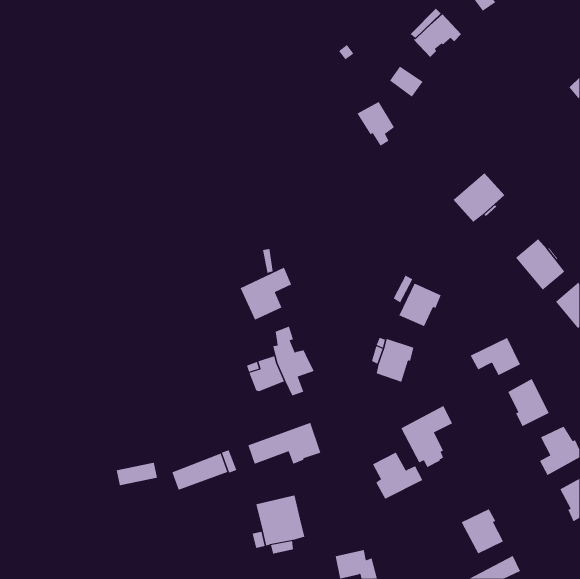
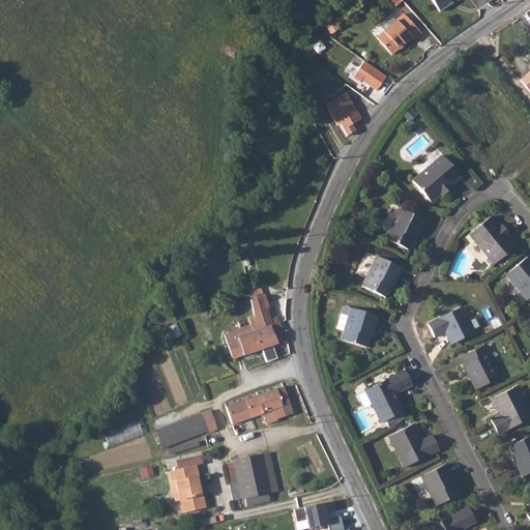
building: none -> [386,210,425,251]
building: [240,267,292,320] -> none
building: [372,452,423,499] -> [393,423,440,467]
building: none -> [169,465,205,511]

